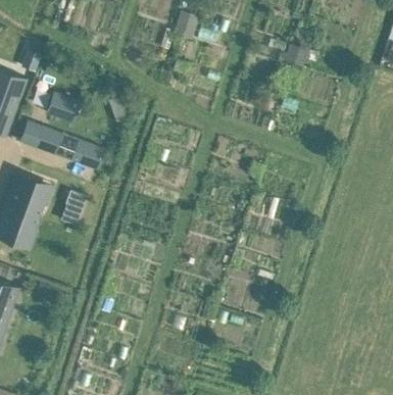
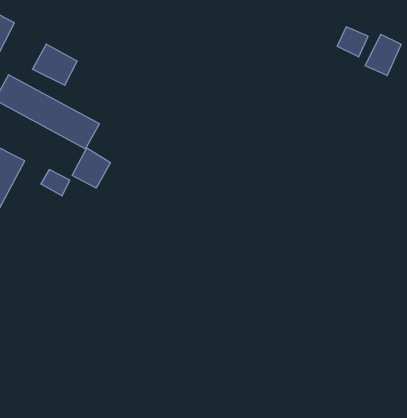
building: none -> [365,34,401,76]
building: none -> [72,148,110,188]

